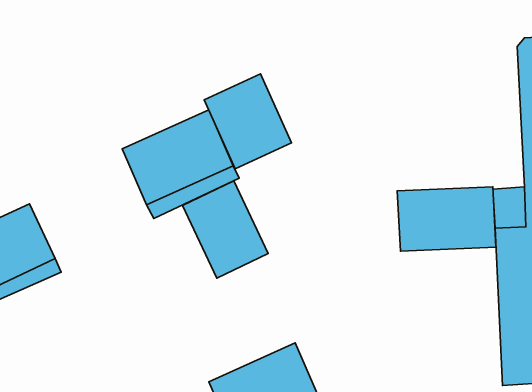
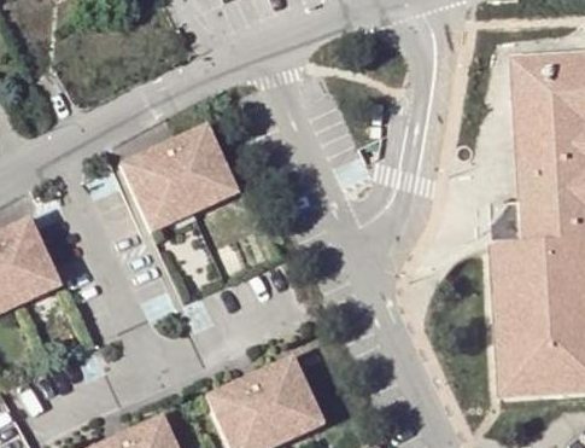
building: [204,74,292,169] -> none
building: [182,181,268,278] -> none
building: [397,187,496,251] -> none

